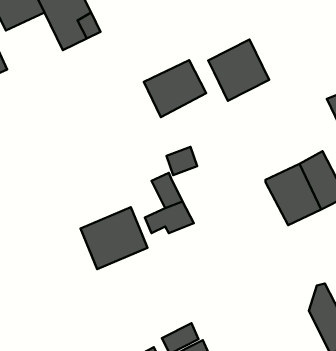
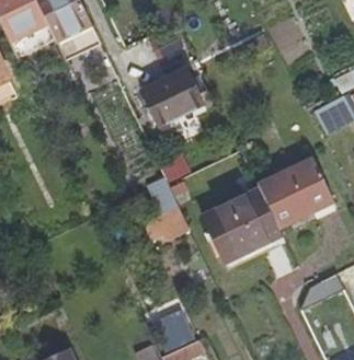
building: [208,39,269,101] -> none
building: none -> [203,187,282,259]
building: [81,207,147,269] -> none

